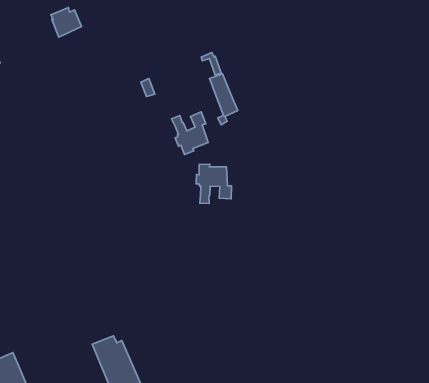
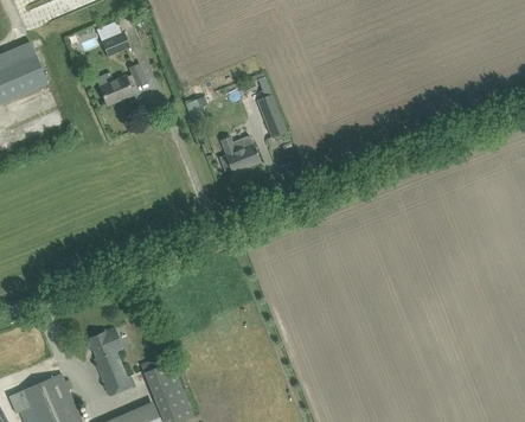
building: none -> [95,64,146,105]
building: [196,164,231,203] -> none
building: none -> [85,330,130,396]

